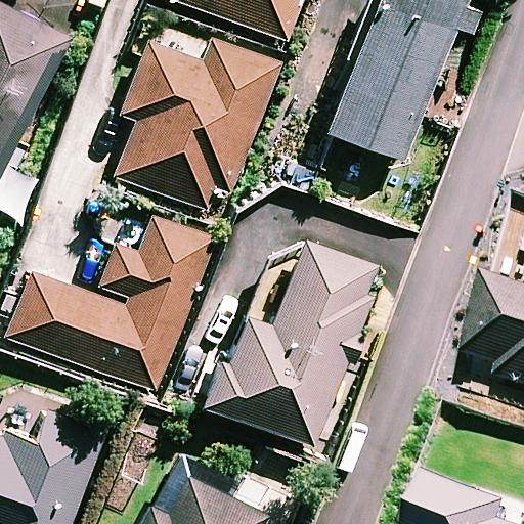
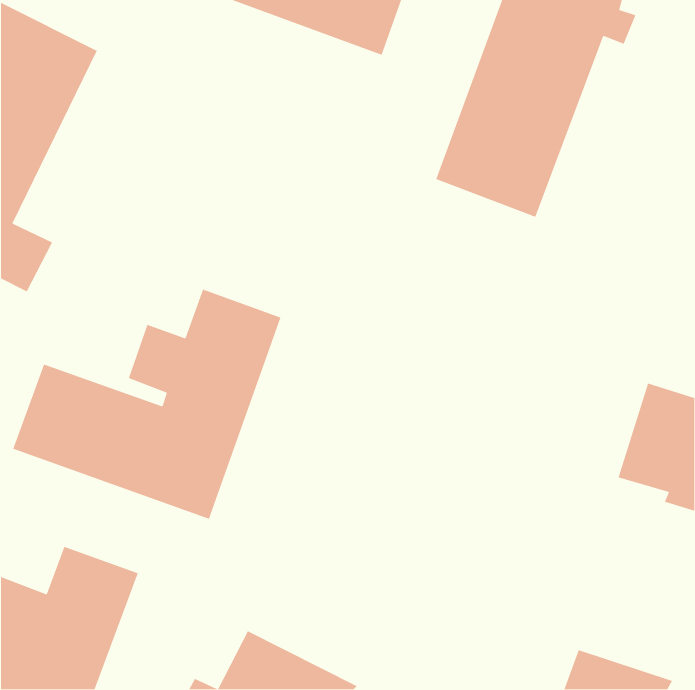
building: [118,41,271,209] -> none
building: [209,242,378,447] -> none

